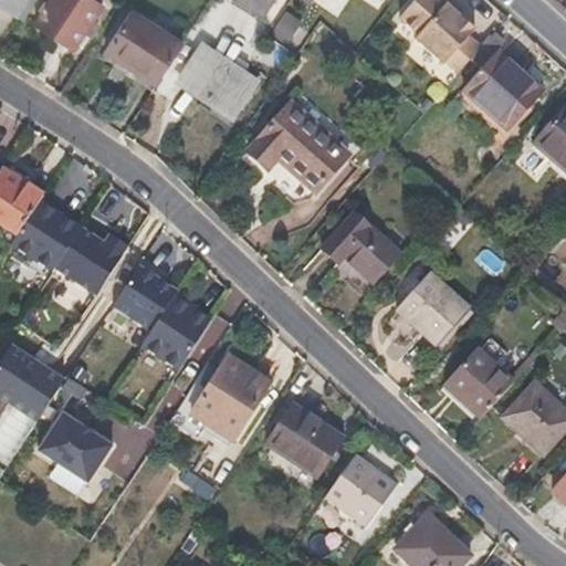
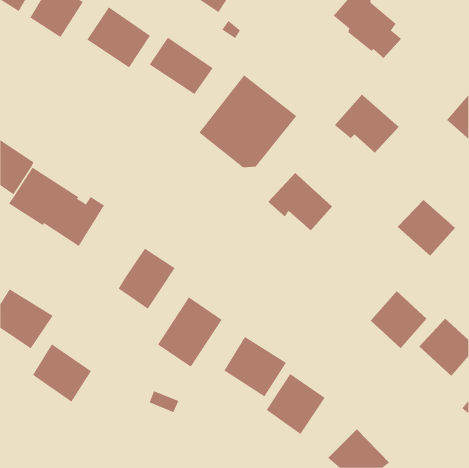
building: [467,49,545,120] -> [334,94,400,154]
building: [113,265,178,332] -> none
building: [398,271,469,339] -> [397,199,456,256]

